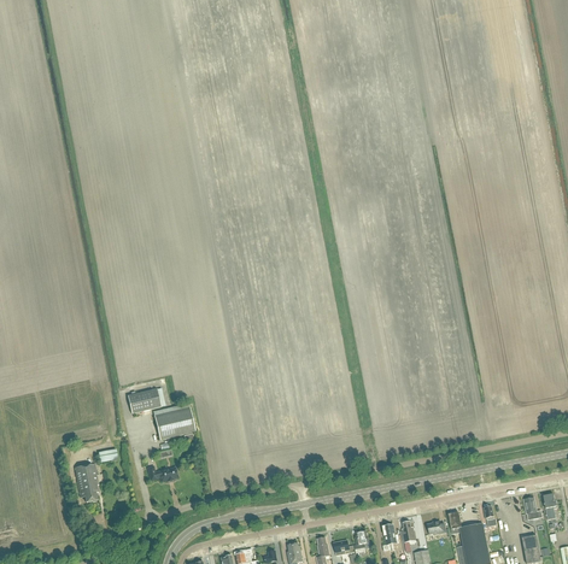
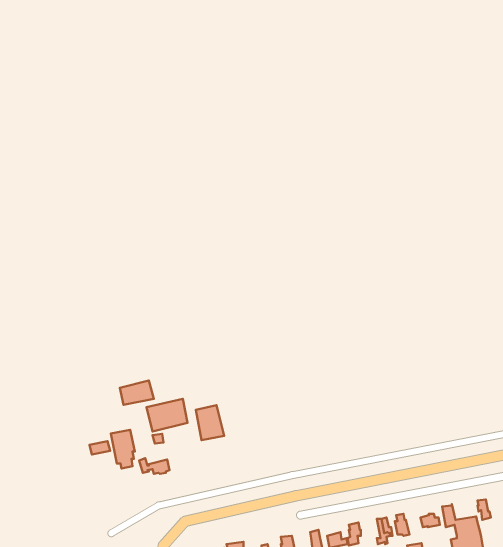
building: none -> [196,405,224,440]
building: [74,463,98,501] -> [111,430,135,469]

